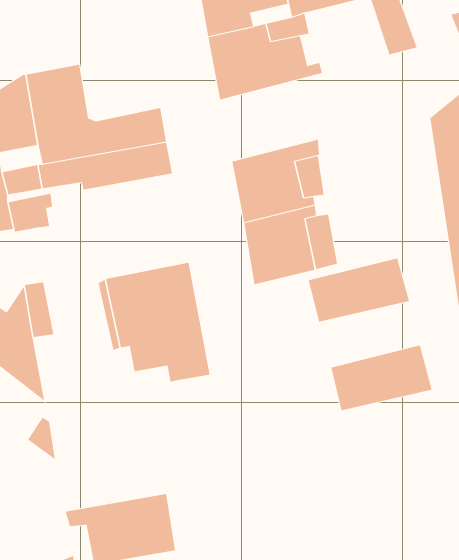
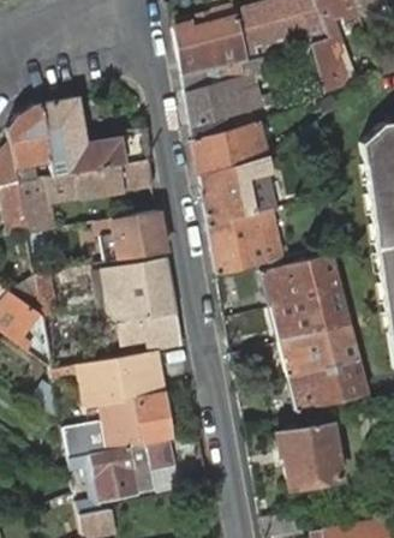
building: none -> [193,120,270,175]
building: none -> [112,209,166,261]
building: none -> [270,287,352,340]
building: none -> [64,351,171,455]
building: none -> [270,358,371,416]
building: none -> [277,425,344,489]

